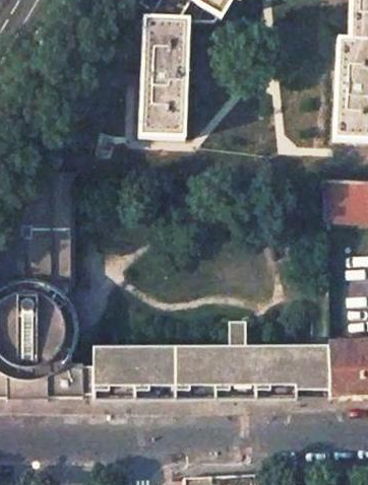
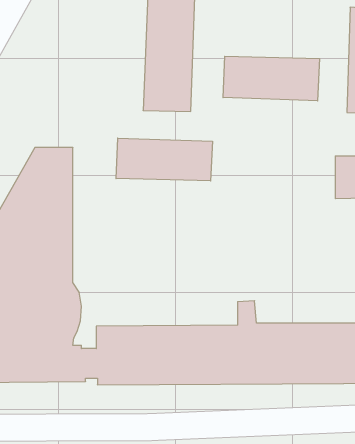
building: none -> [223,56,319,101]
building: none -> [116,138,212,181]

